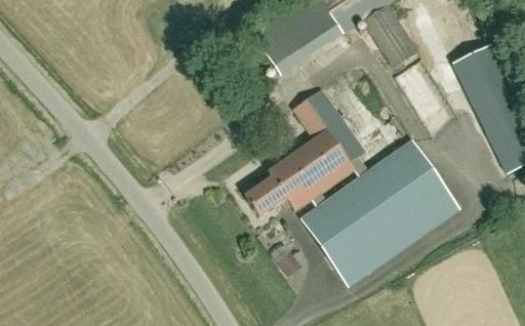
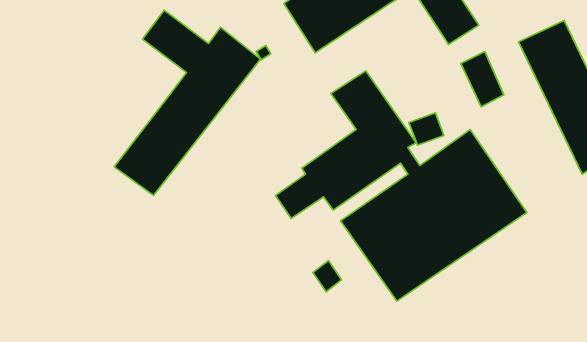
building: none -> [114,10,261,195]

